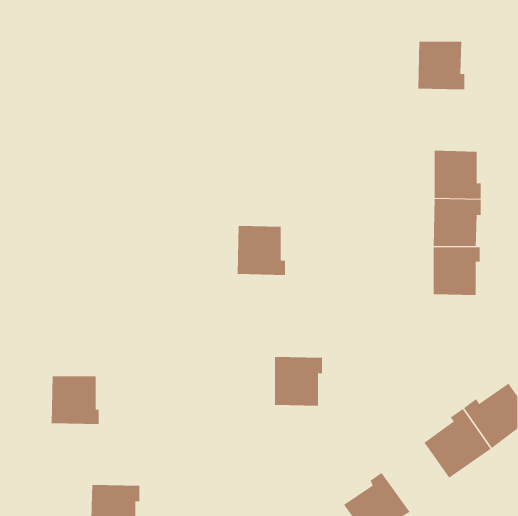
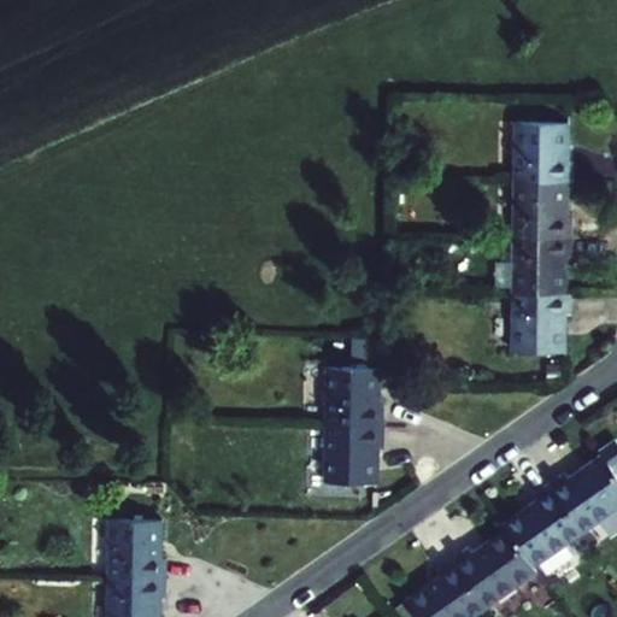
building: [418,41,465,90] -> [515,125,571,183]
building: [237,226,286,275] -> [325,369,383,428]
building: [51,376,99,425] -> [108,522,166,580]
building: none -> [453,534,536,611]

